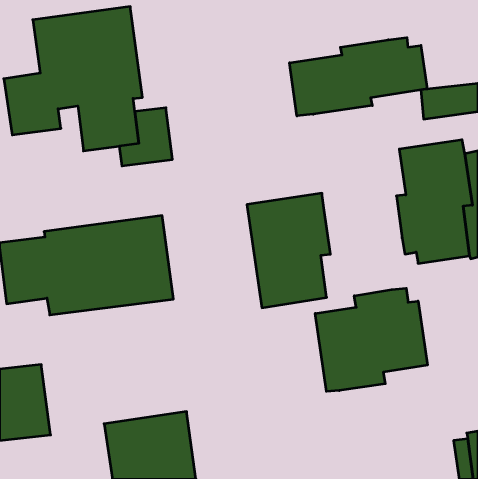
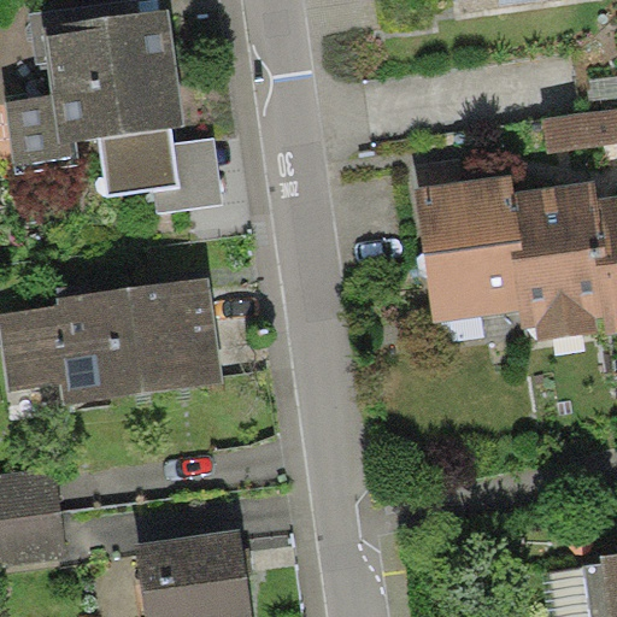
building: [290,38,427,116] -> none
building: [247,193,330,308] -> [415,172,522,319]
building: [315,288,427,391] -> none

